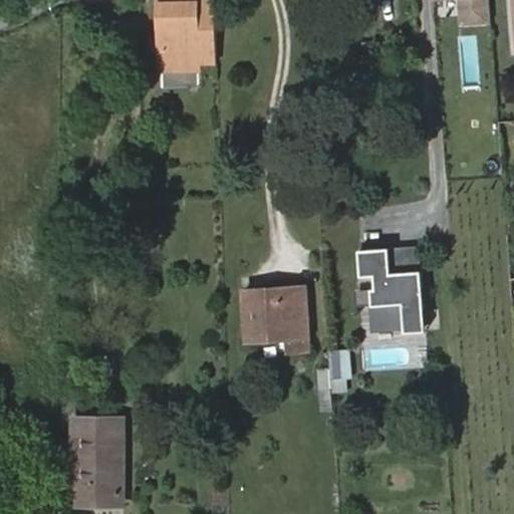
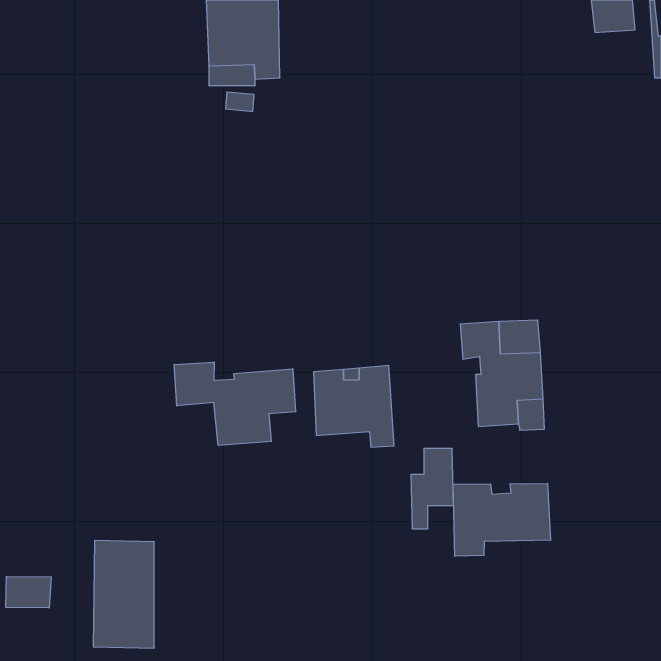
building: none -> [174,362,296,445]
building: none -> [453,483,551,556]
building: none -> [6,576,51,608]

